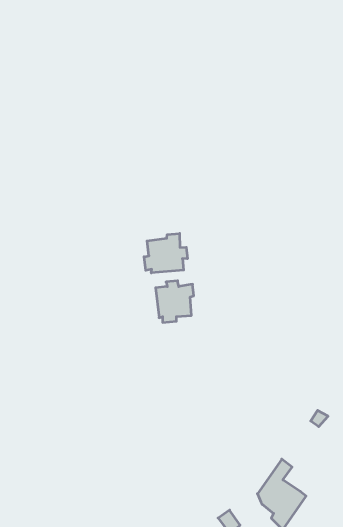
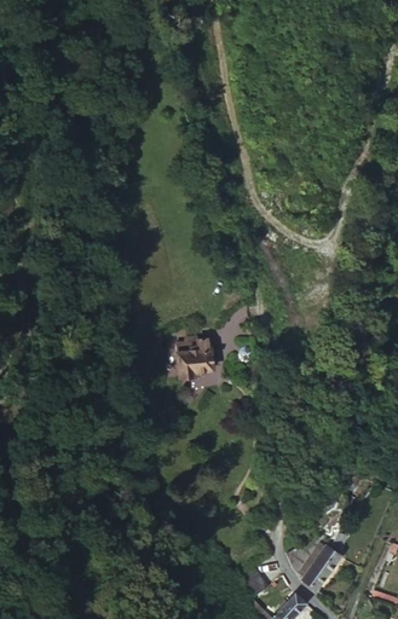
building: [144,233,187,273] -> none

